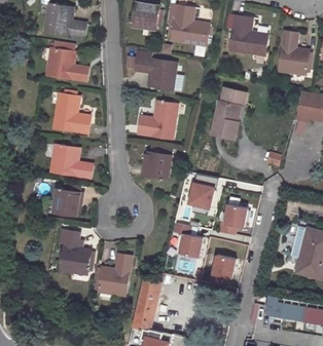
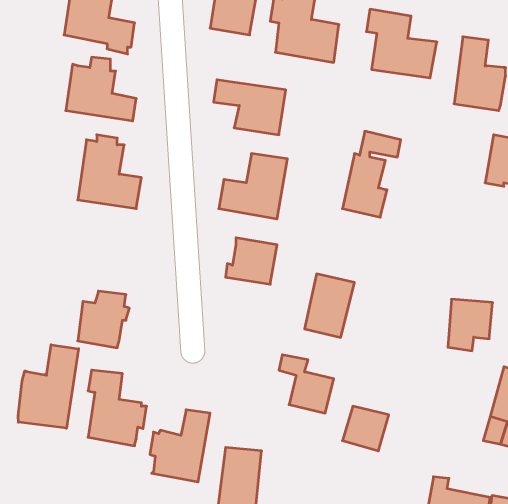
building: [49,144,93,179] -> none
building: [222,202,249,233] -> [448,299,493,351]
building: none -> [18,345,79,428]

